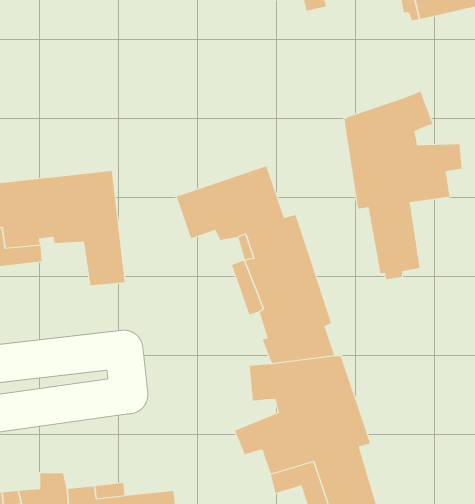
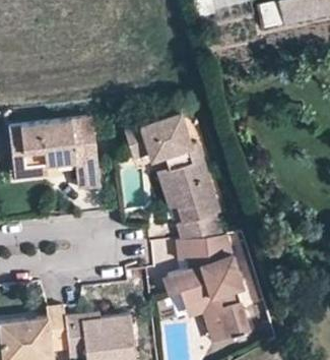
building: [344,91,462,280] -> none

